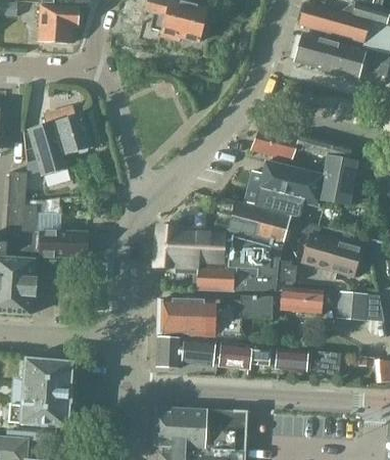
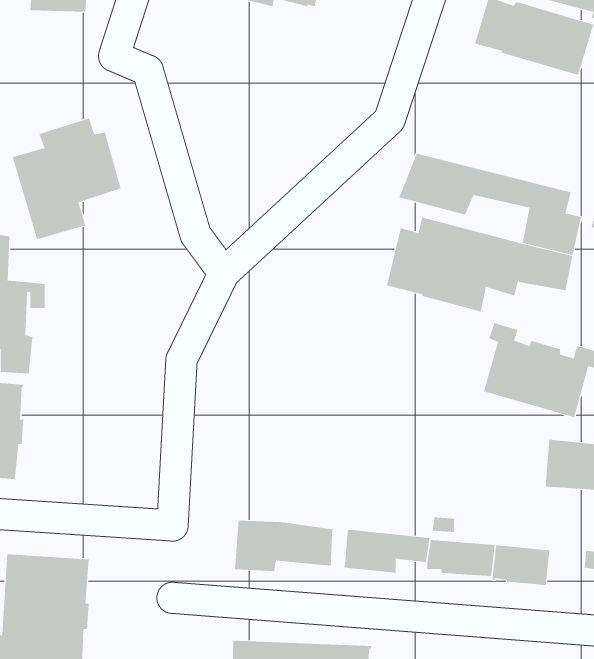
building: [155,201,296,291] -> none
building: [38,231,86,260] -> none
building: [280,286,323,313] -> none
building: [162,295,272,336] -> none

